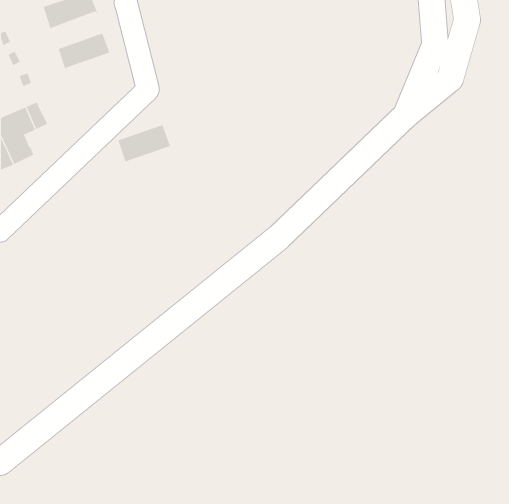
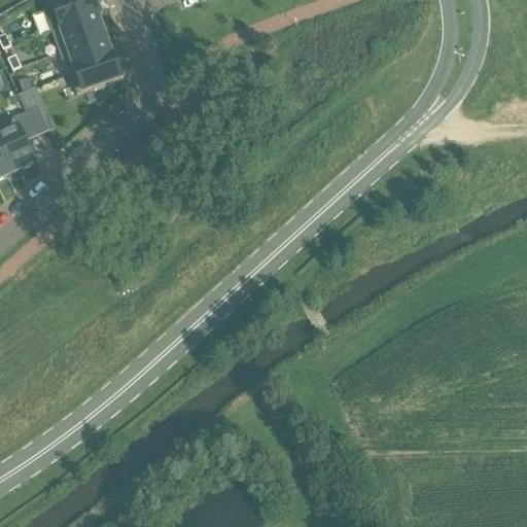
building: none -> [52,12,107,50]
building: [118,124,171,162] -> [70,54,125,93]

